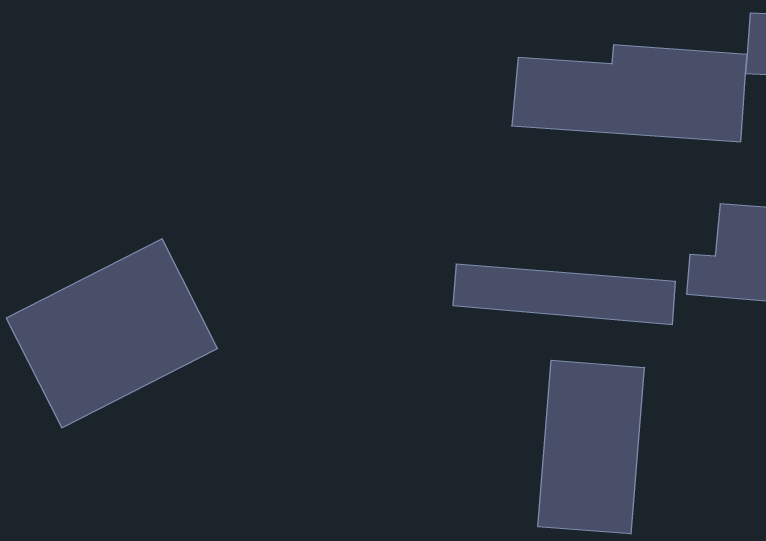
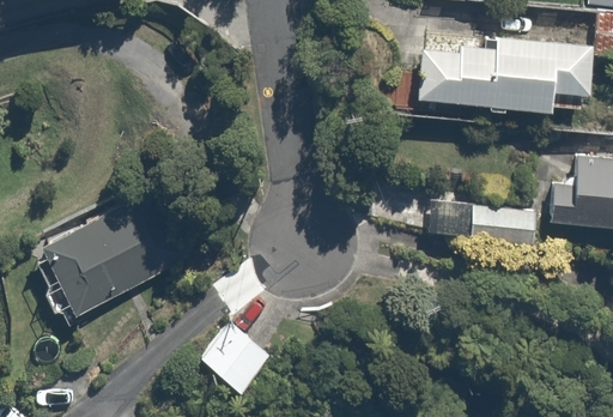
building: [538,360,644,534] -> none
building: none -> [194,319,272,394]

